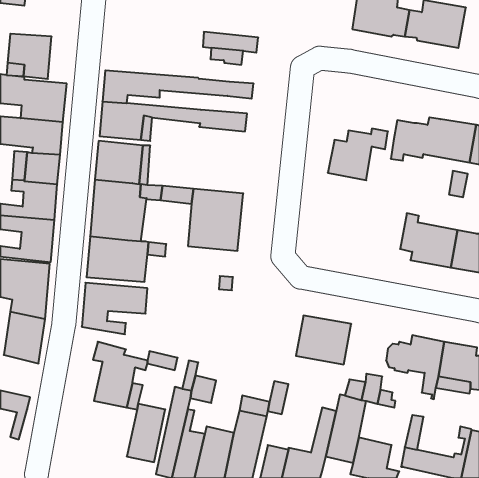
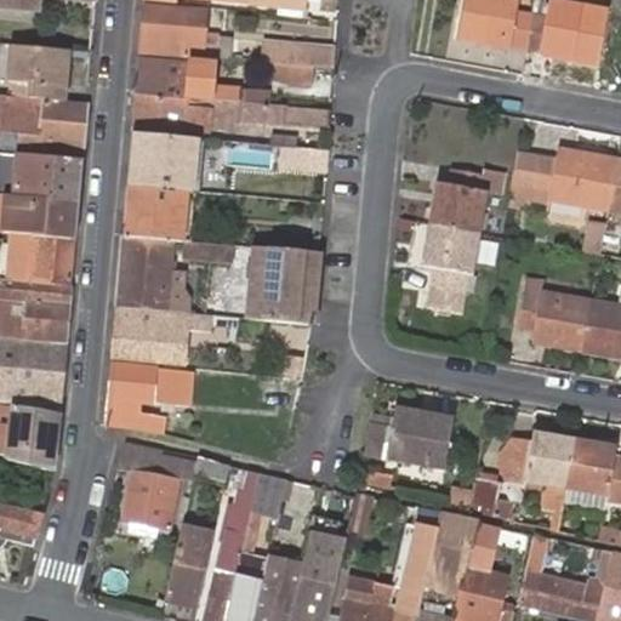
building: none -> [141,7,237,58]
building: none -> [137,56,258,102]
building: none -> [417,223,474,314]

